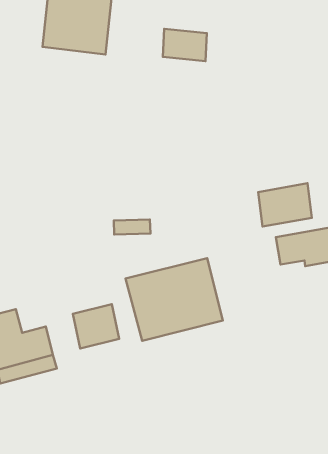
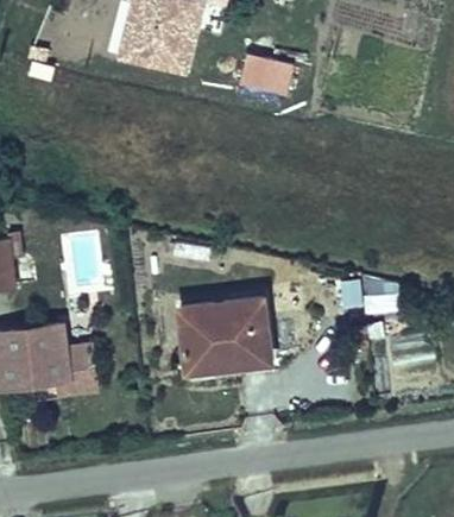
building: [258,183,312,227] -> none
building: [73,304,119,349] -> none

